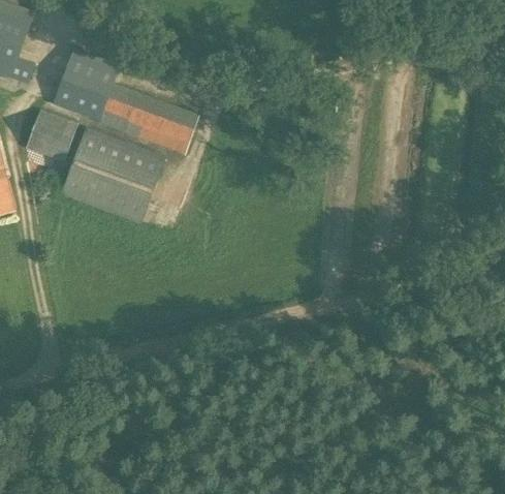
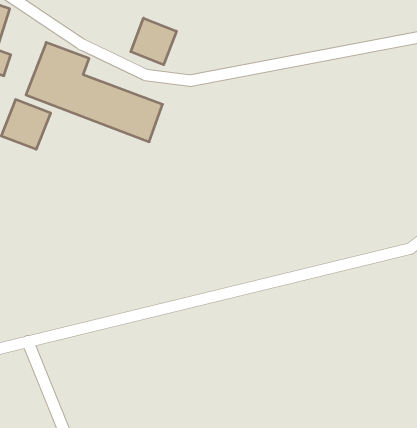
building: none -> [131,18,176,65]
building: [62,127,164,221] -> none

